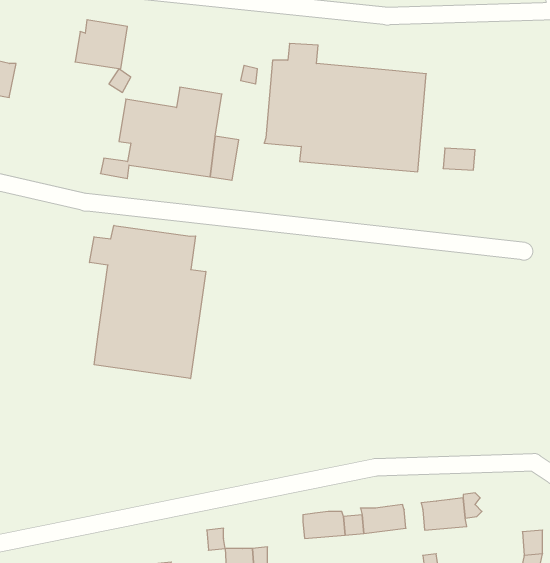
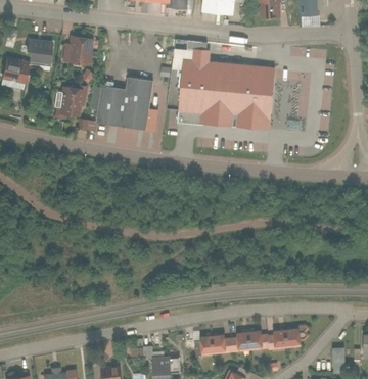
building: none -> [24,40,53,66]
building: none -> [53,87,87,121]
building: [90,225,206,379] -> none

